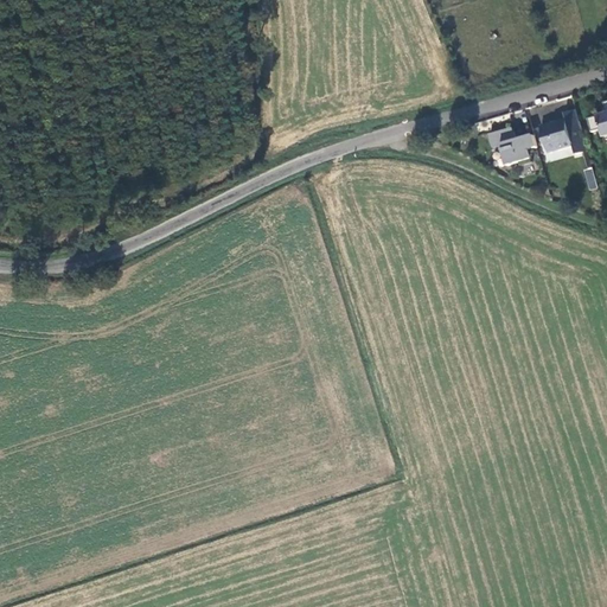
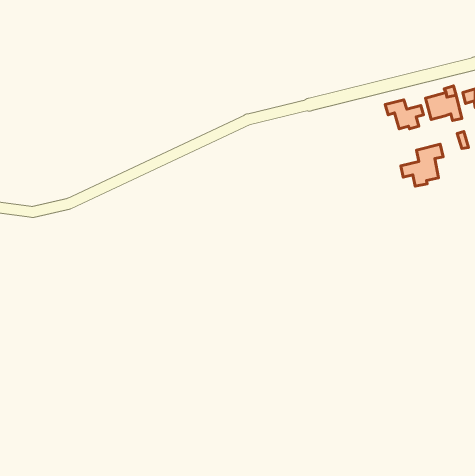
building: none -> [401,144,443,186]

